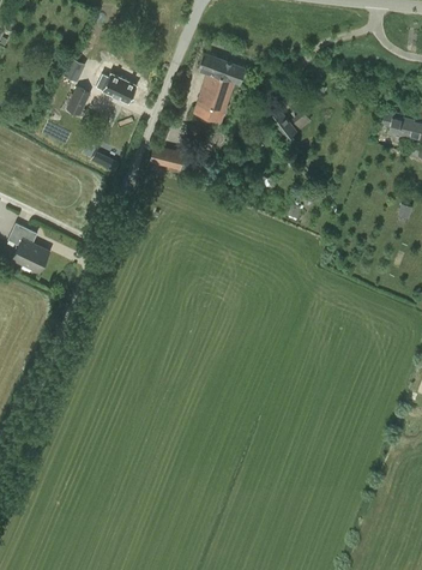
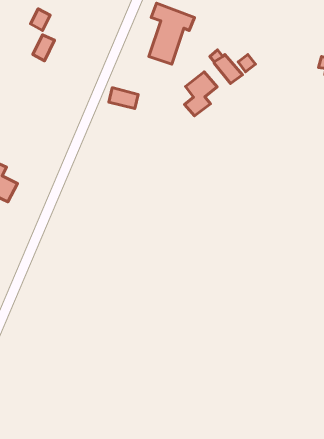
building: [92,71,134,102] -> none
building: none -> [185,72,217,116]

